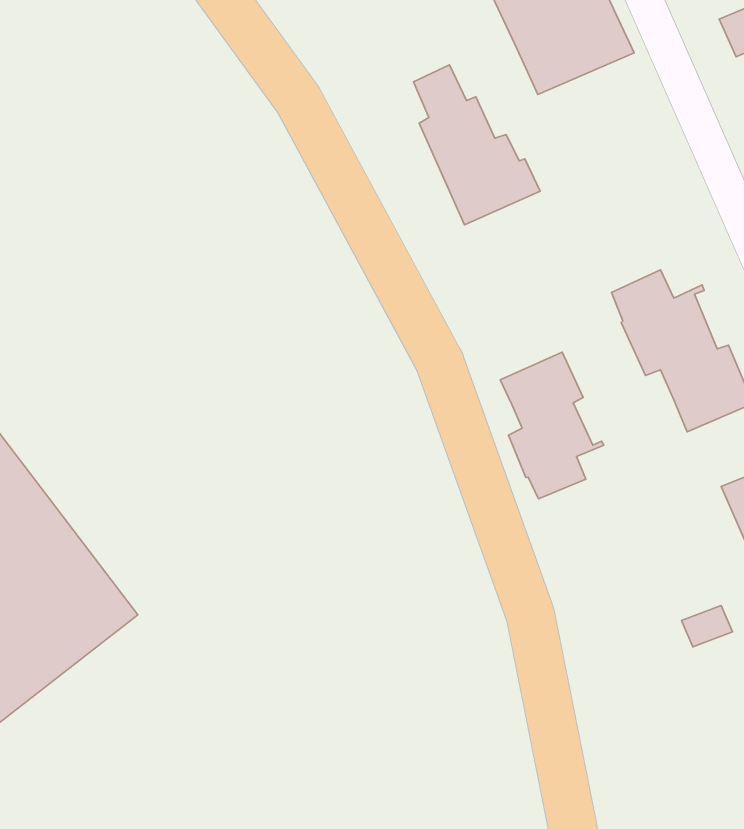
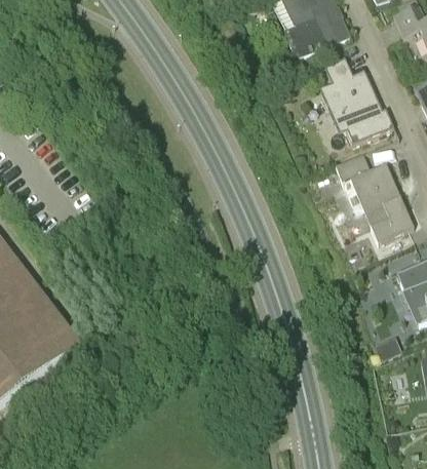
building: [414,65,540,225] -> [324,56,393,144]
building: [500,352,604,499] -> none

